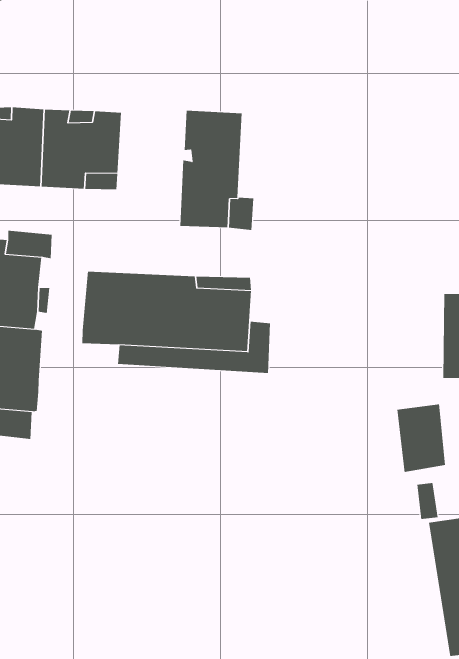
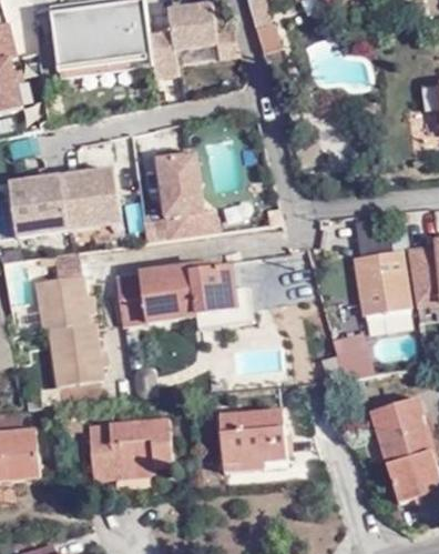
building: none -> [89,415,174,486]
building: none -> [220,416,285,463]

